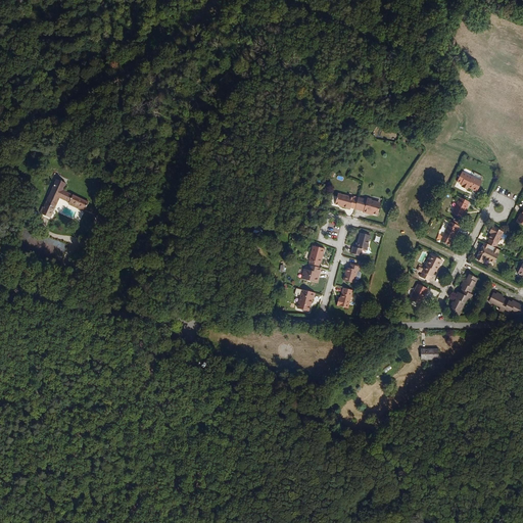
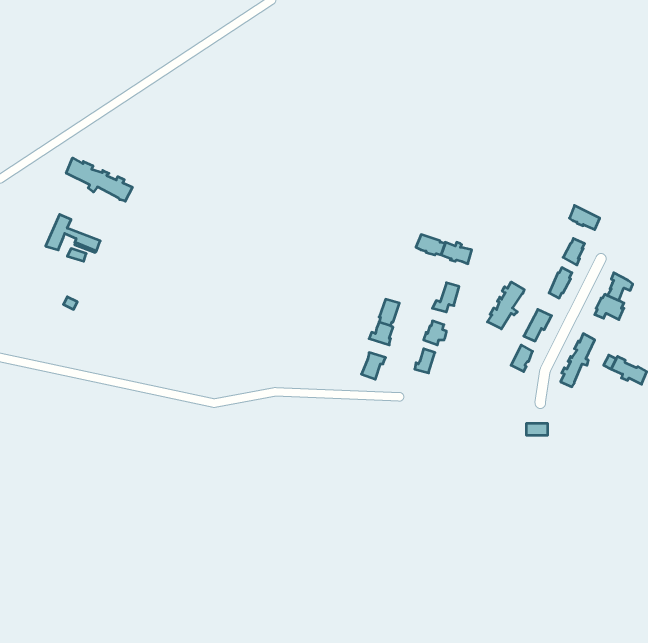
building: none -> [66,158,132,201]
building: none -> [487,282,524,329]

